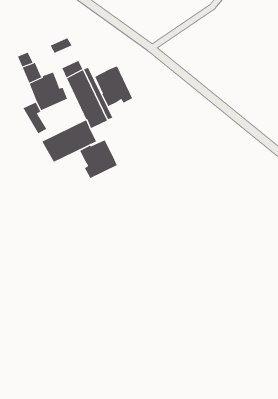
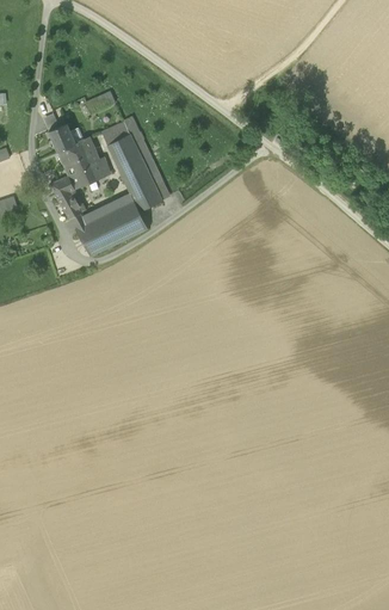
building: [95,66,133,107] -> none
building: [79,139,117,179] -> none

